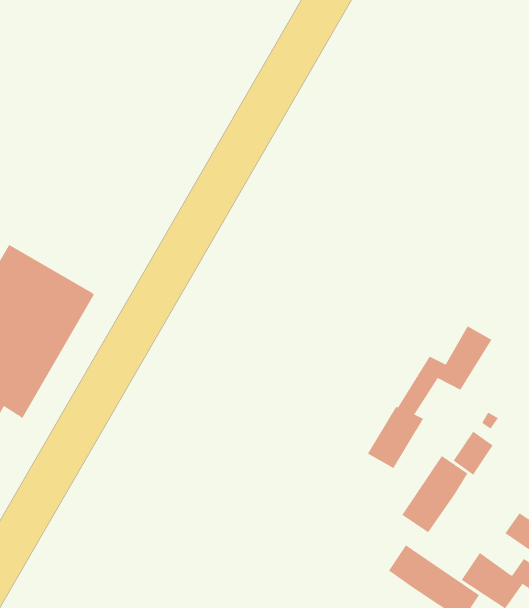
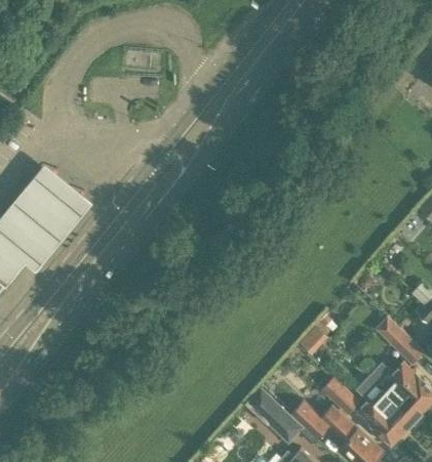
building: [367,325,492,469] -> none
building: [402,455,468,533] -> none

